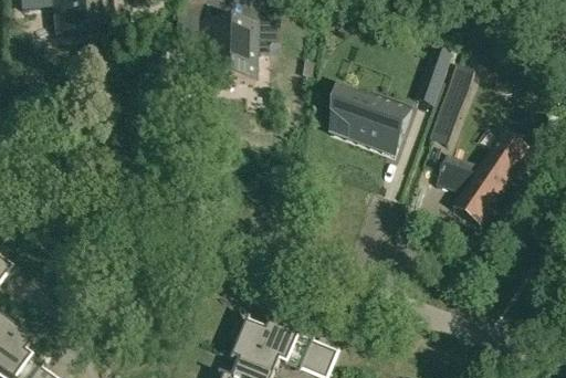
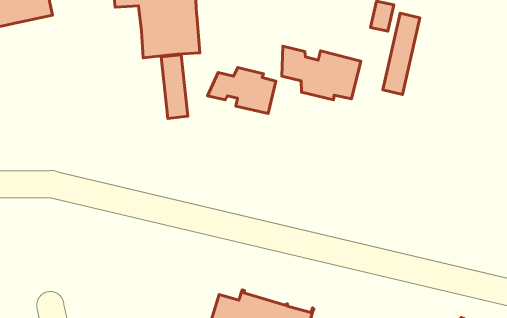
building: none -> [161,55,188,118]
building: none -> [207,68,276,114]
building: [434,132,530,225] -> none

